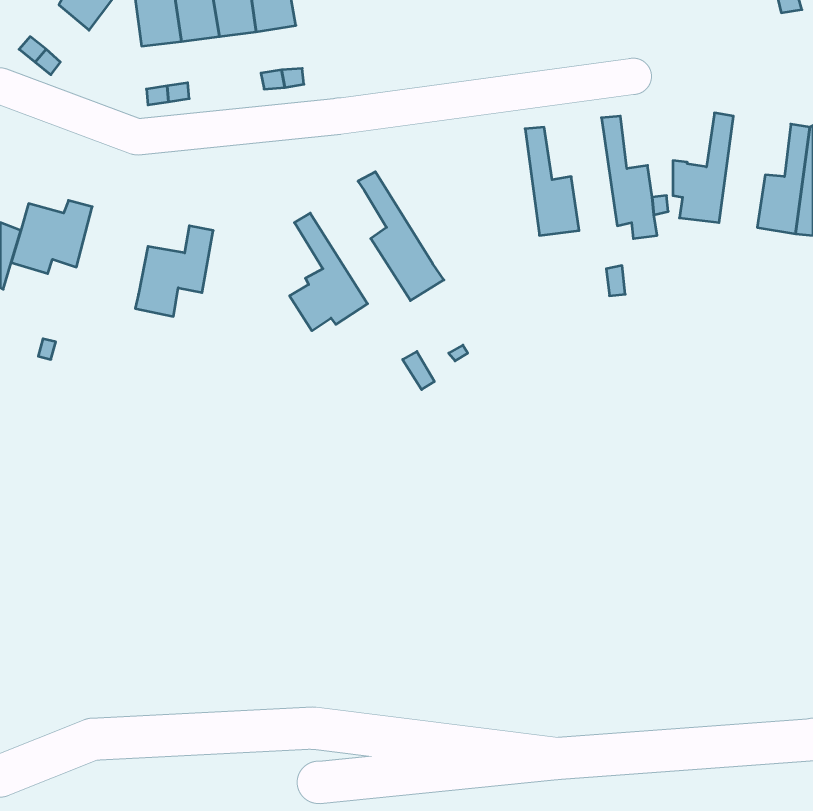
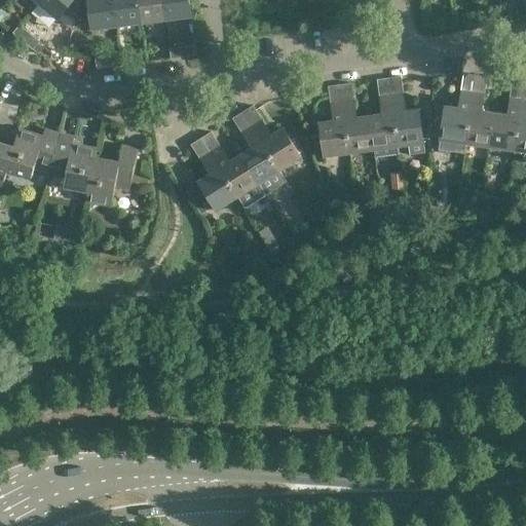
building: none -> [464,75,494,147]
building: none -> [369,76,400,157]
building: none -> [320,83,348,155]
building: none -> [242,105,302,171]
building: none -> [200,132,265,208]
building: none -> [49,134,97,190]

